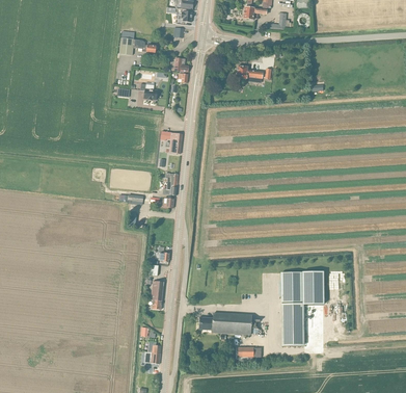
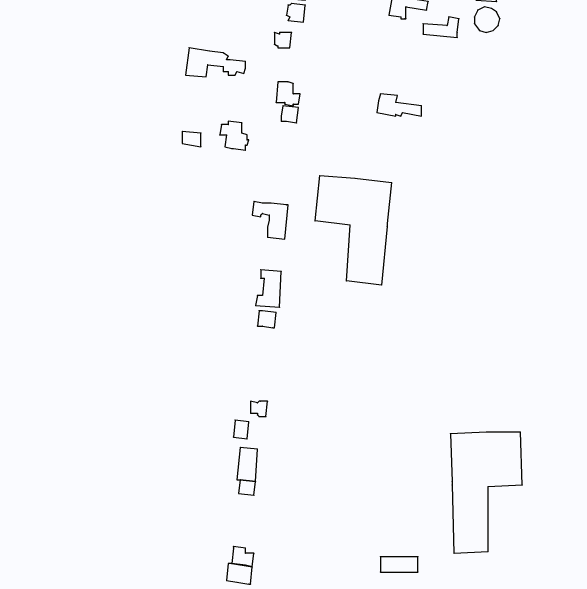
building: none -> [315,176,392,285]
building: [198,313,252,334] -> none

